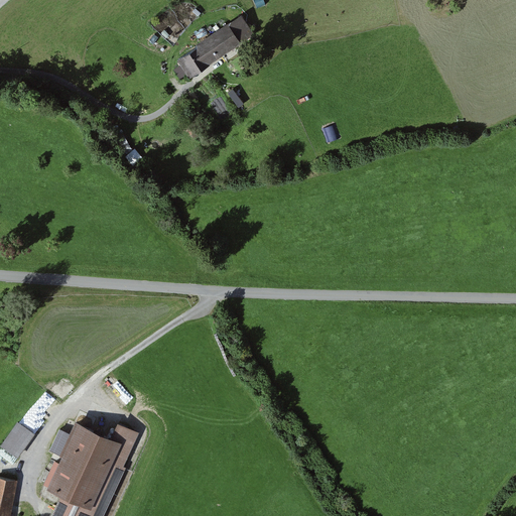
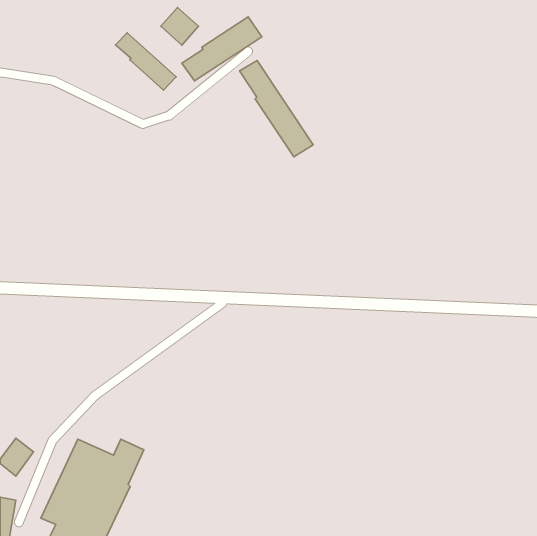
building: none -> [116,33,176,90]
building: none -> [239,60,313,157]

